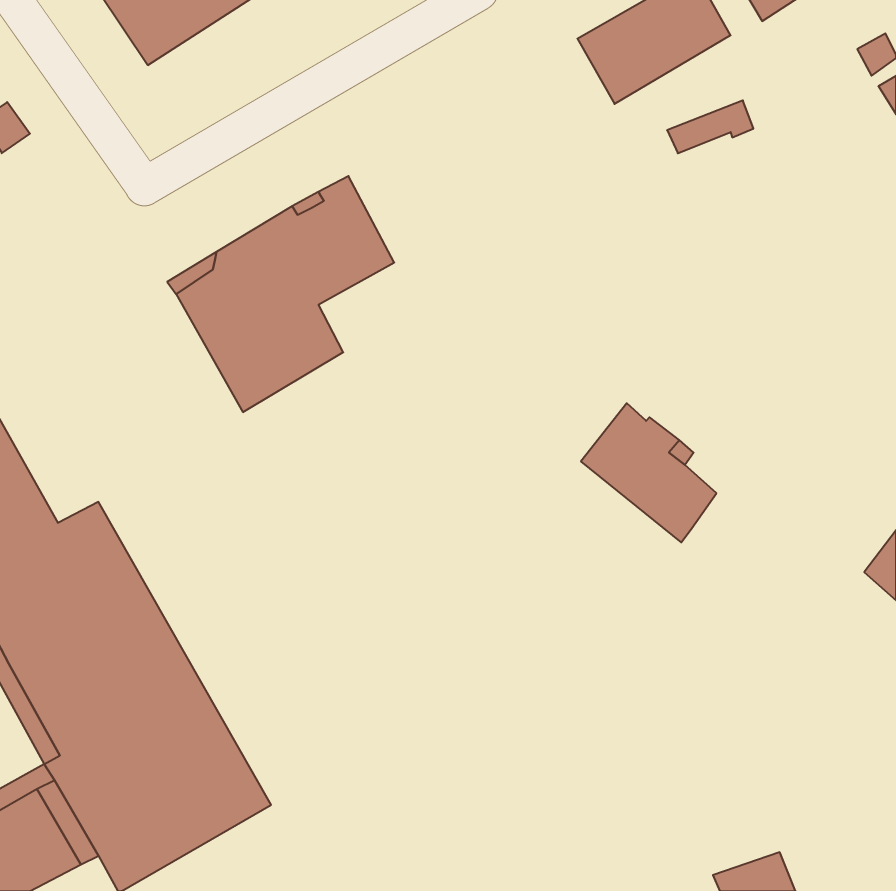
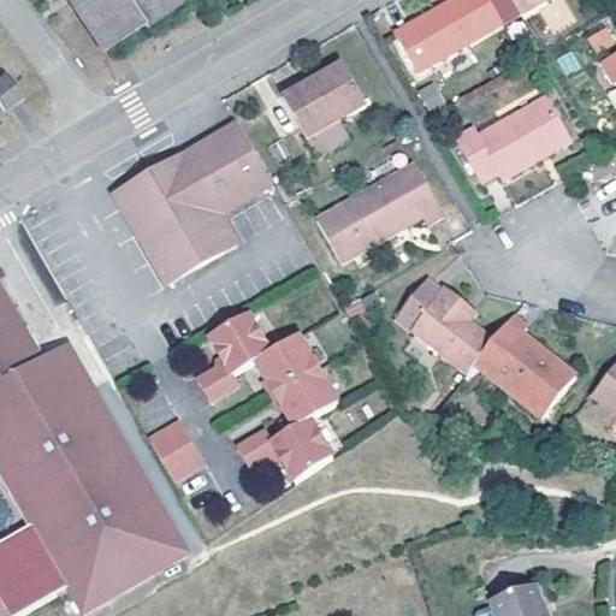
building: none -> [283,60,363,154]
building: none -> [455,95,569,178]
building: none -> [316,161,442,261]
building: none -> [197,312,337,480]
building: none -> [473,313,573,415]
building: none -> [149,420,203,478]

